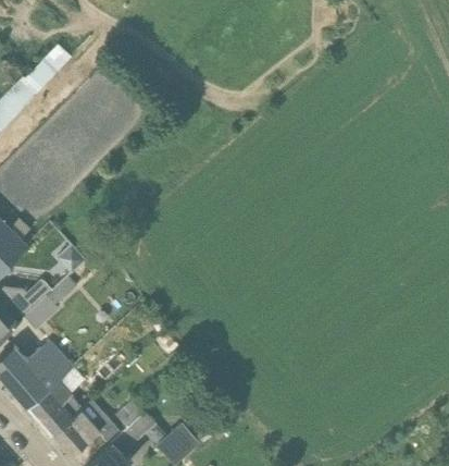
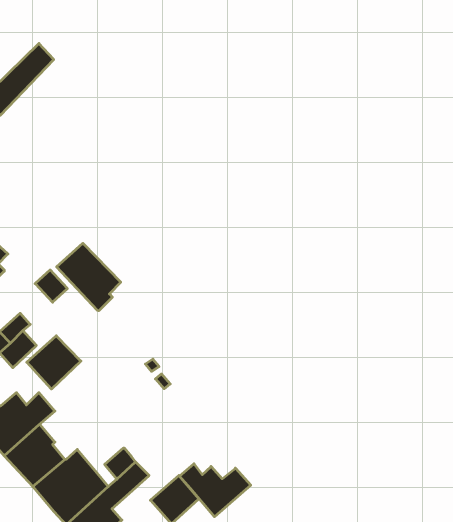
building: none -> [57,243,121,311]
building: none -> [27,336,81,389]
building: none -> [179,464,251,517]

